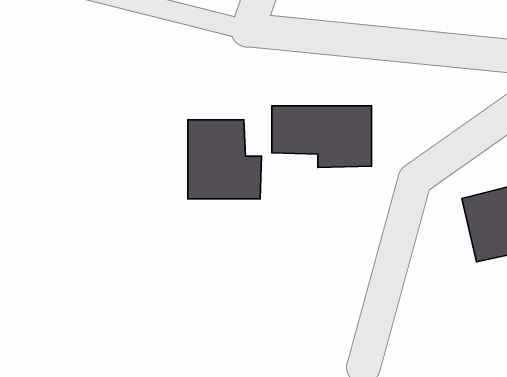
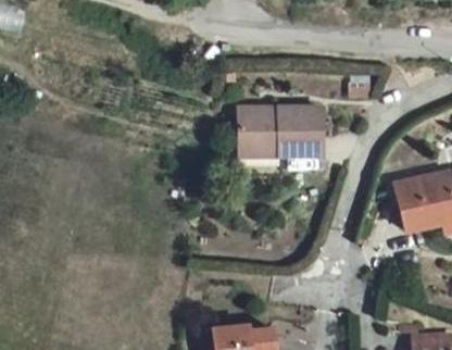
building: [188,120,262,199] -> none

